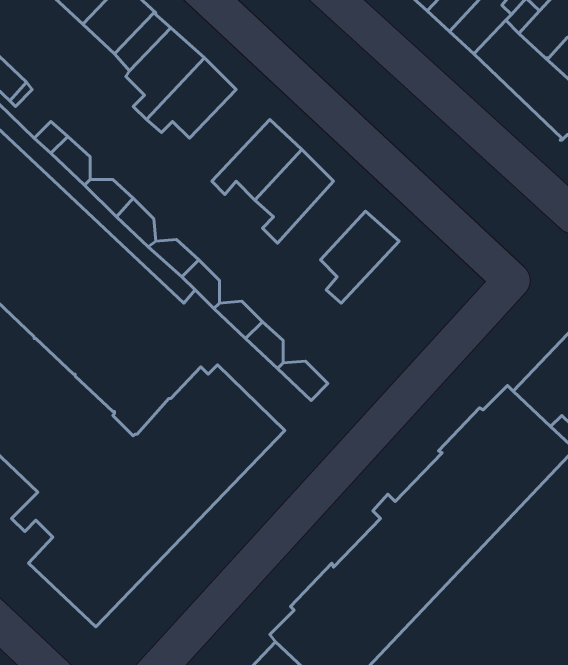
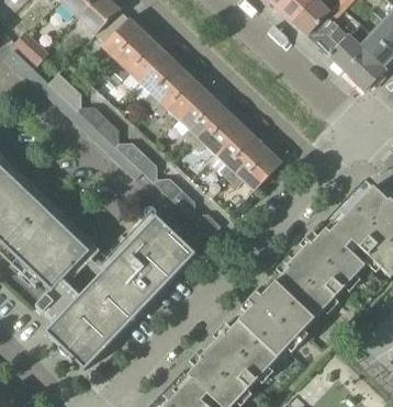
building: none -> [138,54,186,108]
building: none -> [190,108,242,154]
building: none -> [227,143,281,190]

